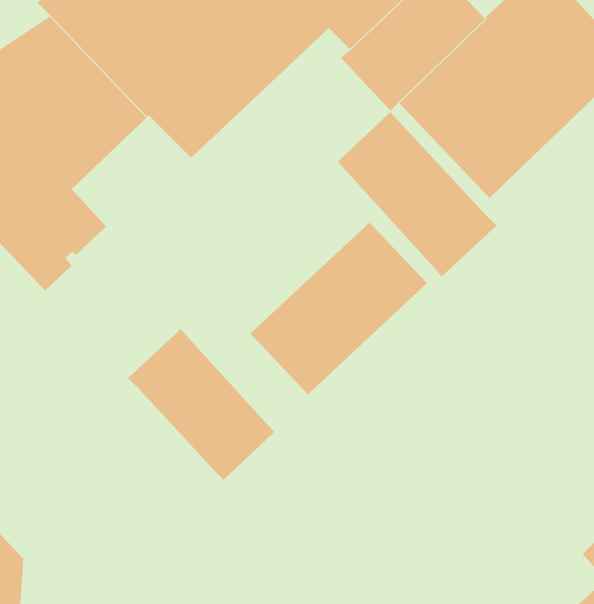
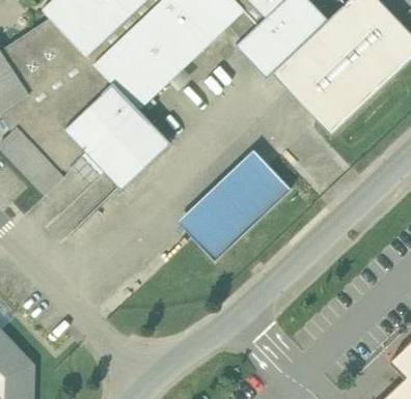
building: [337,111,497,277] -> none
building: none -> [63,82,170,190]
building: [127,328,275,481] -> none

